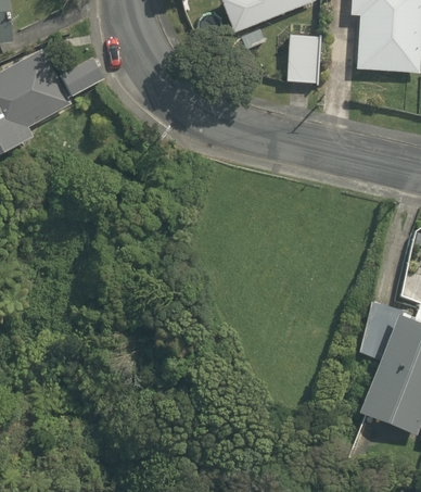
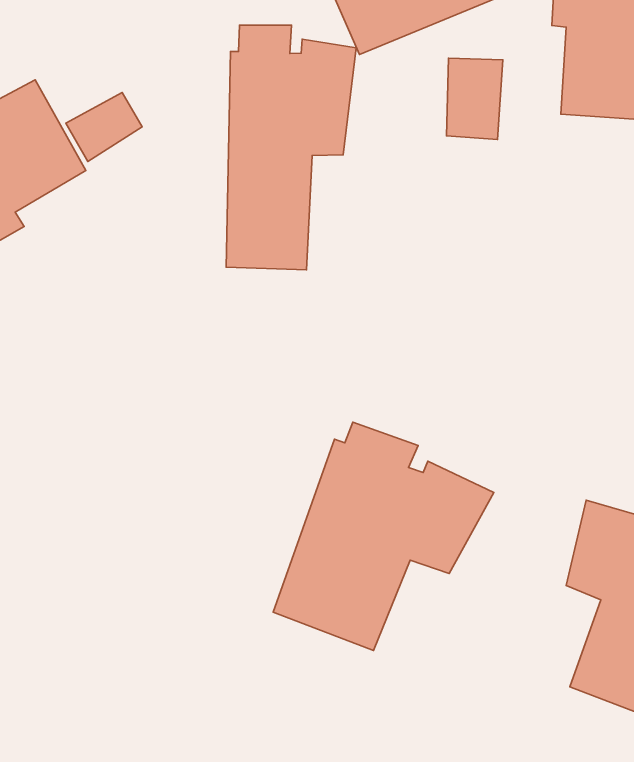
building: none -> [226,25,356,270]
building: none -> [273,422,494,650]

